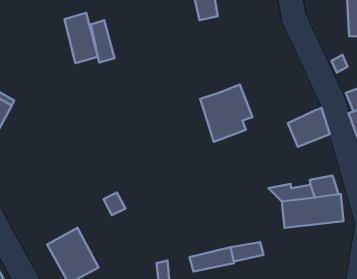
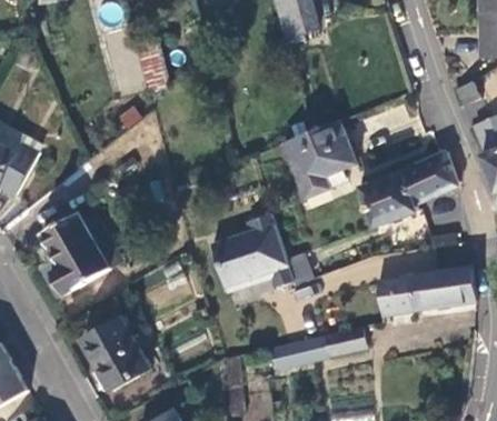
building: [64,13,98,63] -> none
building: none -> [359,176,415,228]
building: none -> [39,200,122,291]
building: none -> [210,215,294,294]

